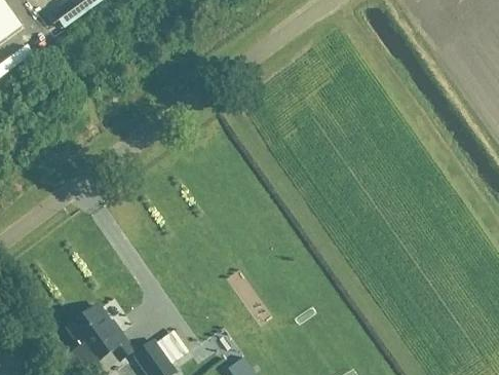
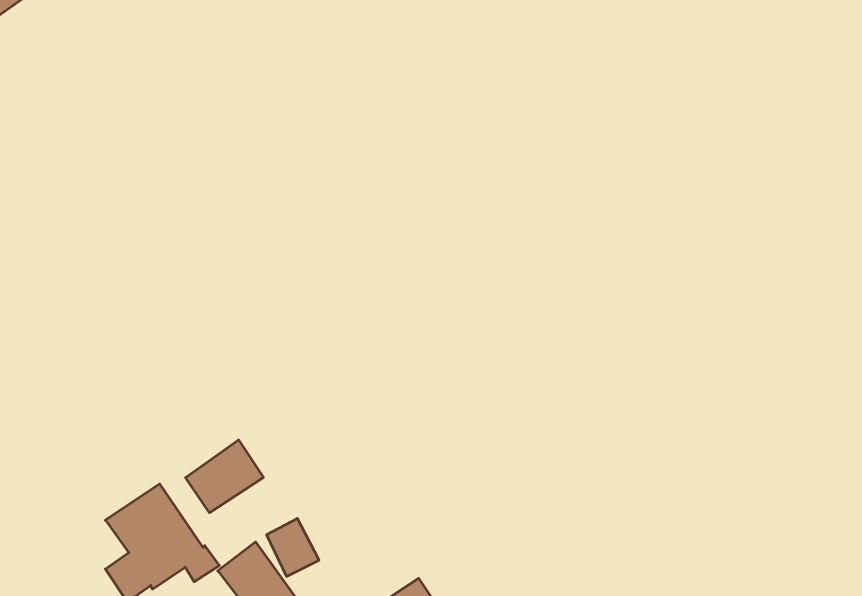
building: none -> [186,440,263,513]

